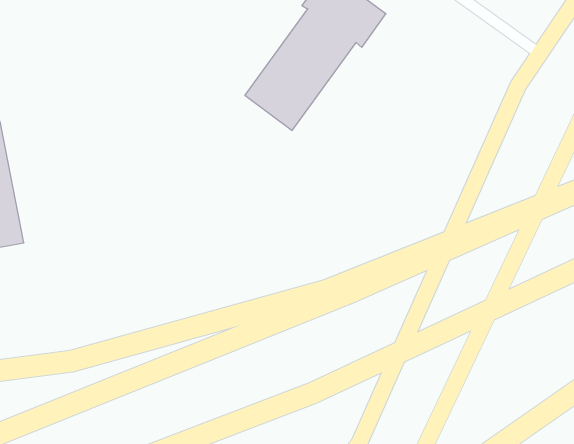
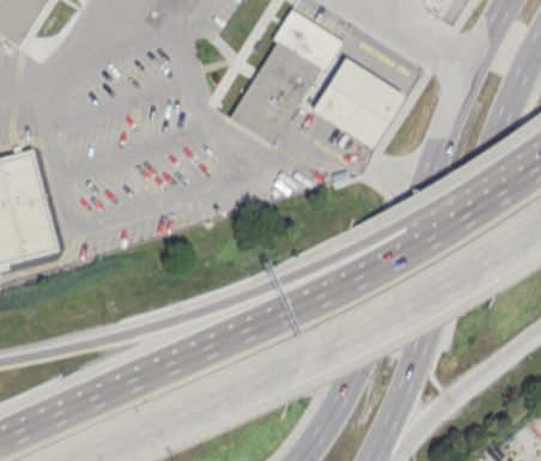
building: none -> [312,57,403,146]

